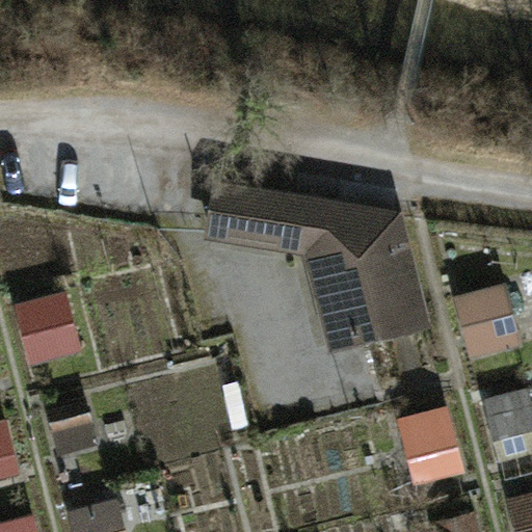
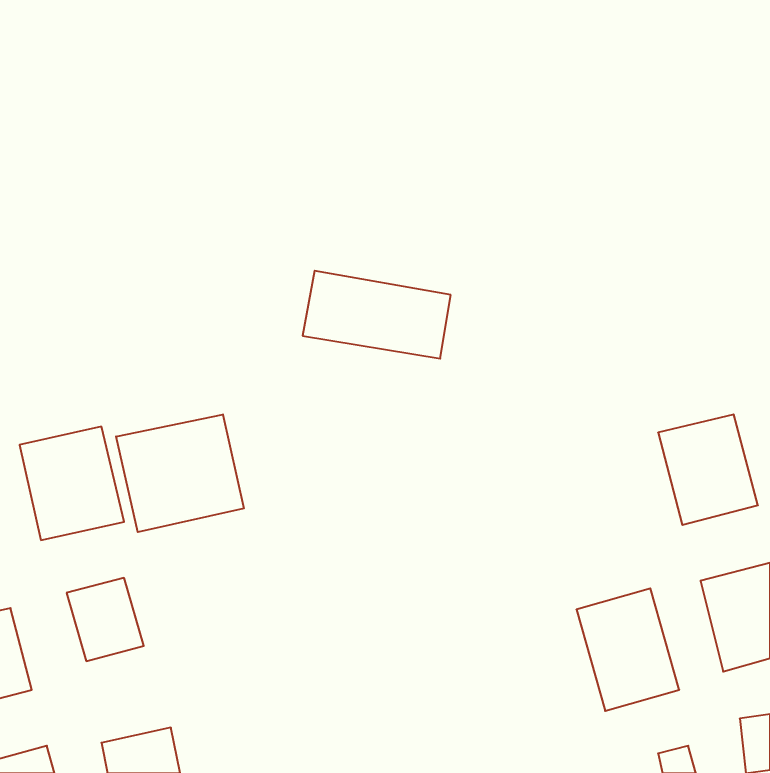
building: [320,204,422,340] -> none
building: none -> [116,414,244,532]

